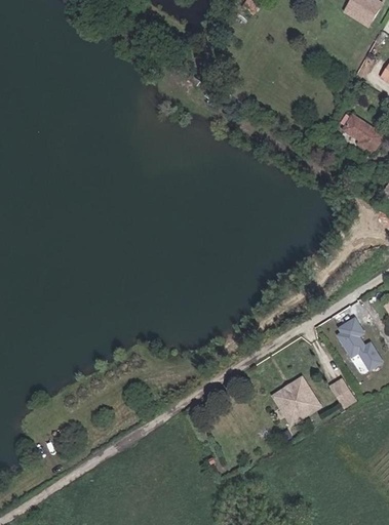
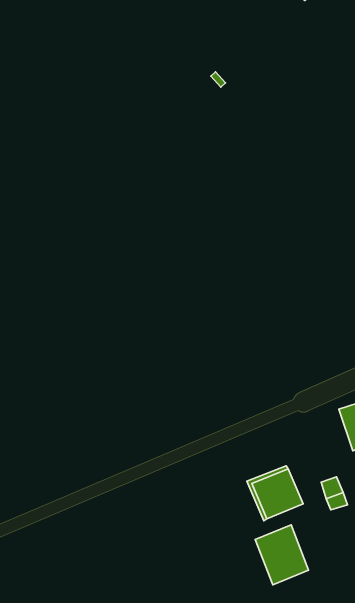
building: none -> [255,525,309,585]

